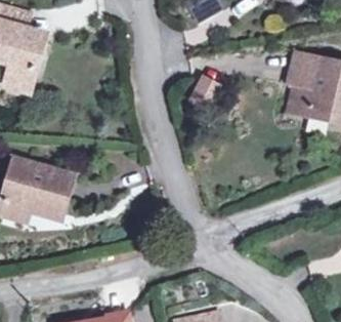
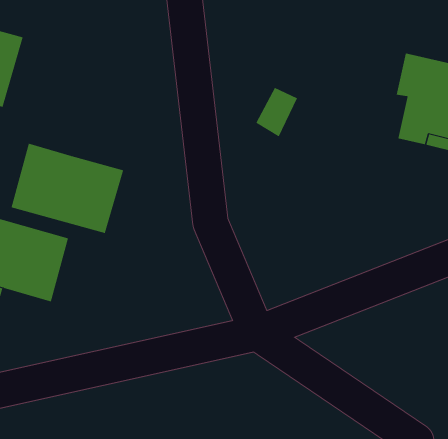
building: none -> [11,143,124,234]

